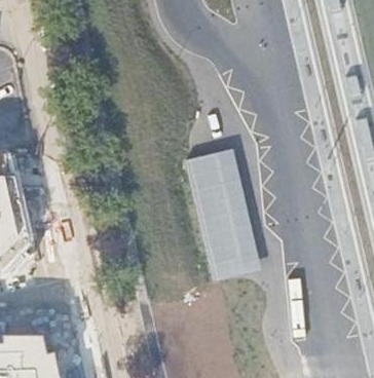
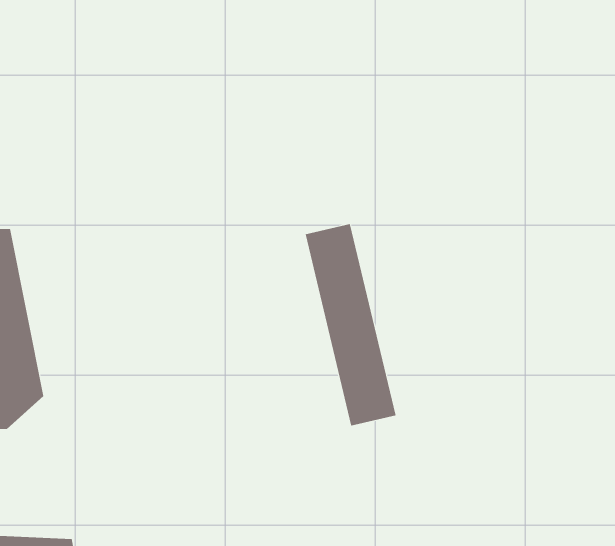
building: [215,148,260,278] -> none

